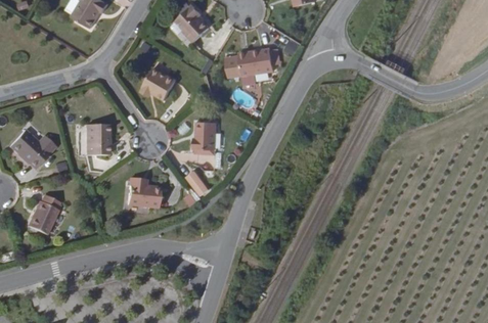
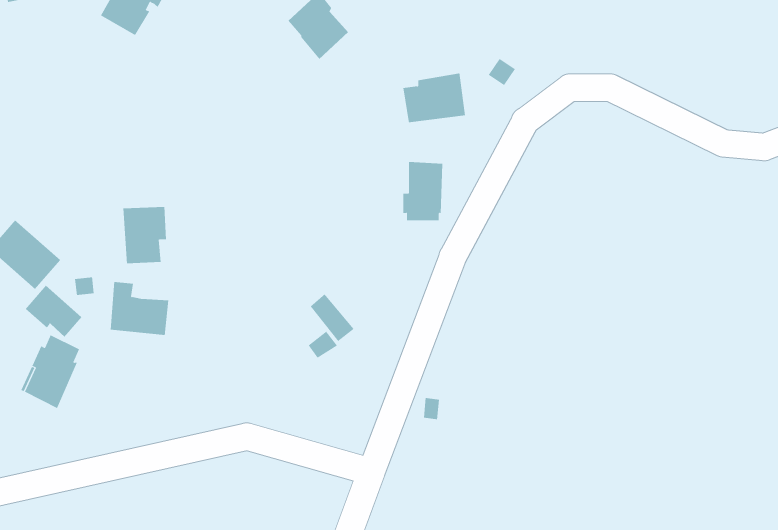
building: [140,67,175,99] -> none
building: [193,120,216,152] -> [402,162,443,221]
building: none -> [25,285,82,337]
building: [126,177,159,206] -> [110,282,169,335]

